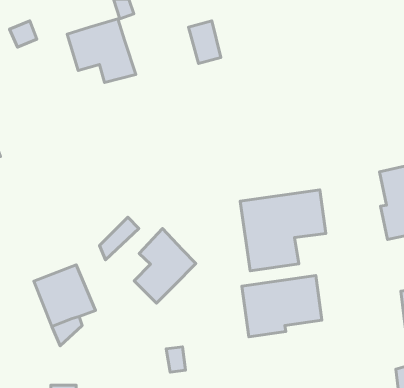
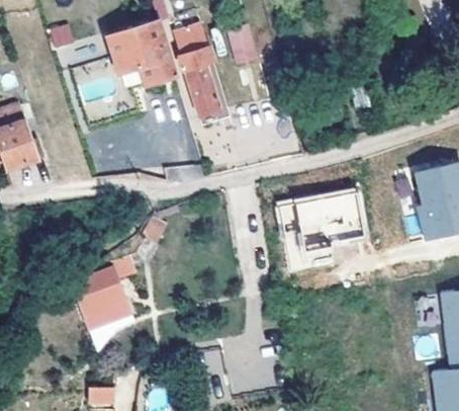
building: none -> [171,17,218,114]
building: [134,228,196,303] -> none
building: [242,275,322,337] -> none

